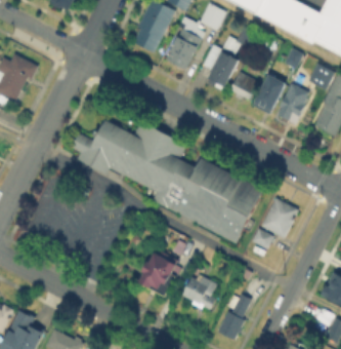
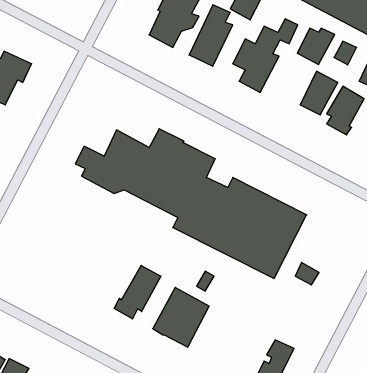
building: [229,71,260,101] -> [297,28,335,65]
building: [262,198,298,236] -> none
building: none -> [114,265,161,319]
building: [182,276,217,309] -> none

